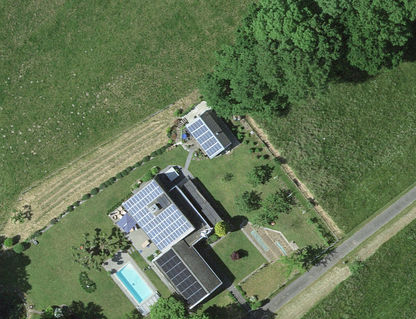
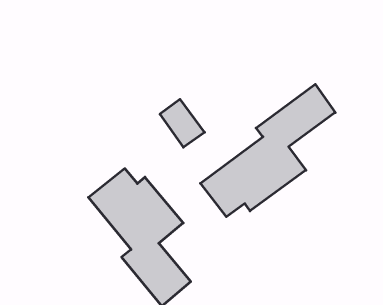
building: none -> [200,84,335,217]

